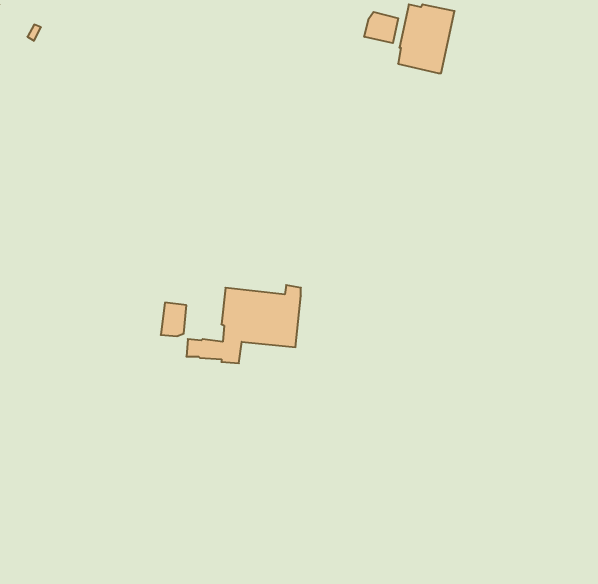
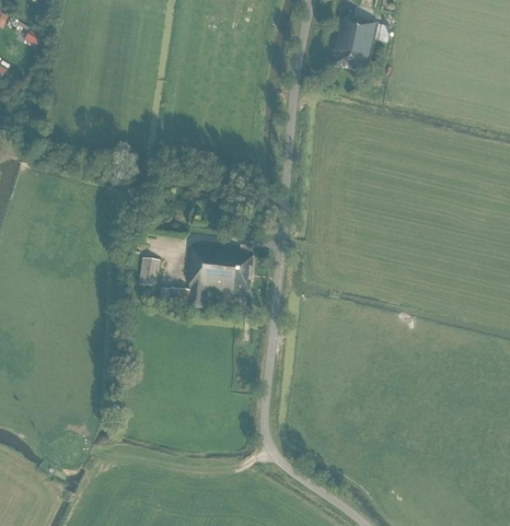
building: [364,12,398,43] -> none

